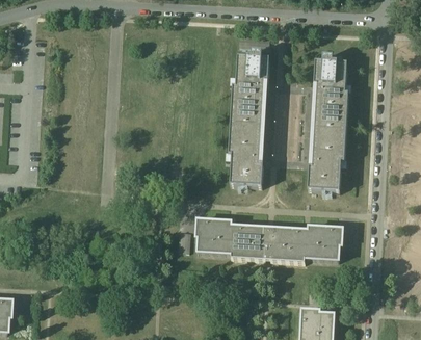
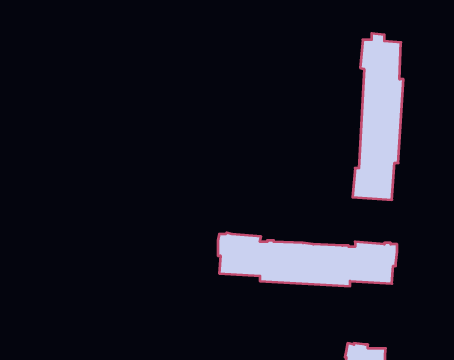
building: [229,50,270,185] -> none

